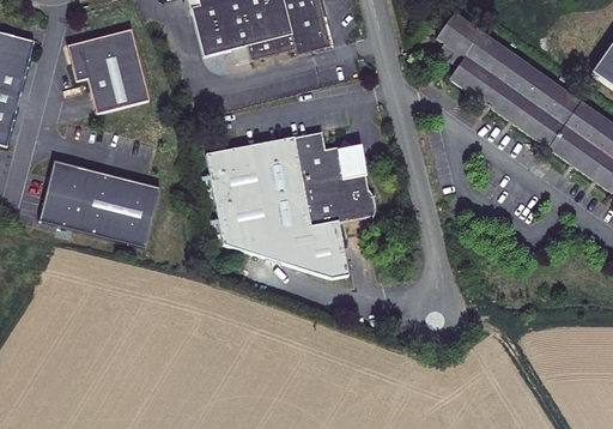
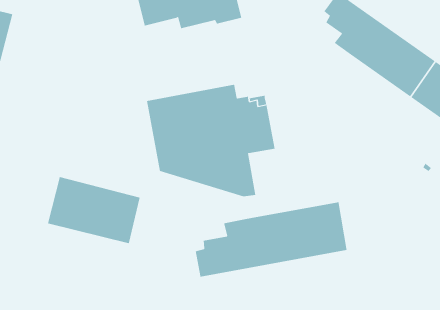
building: [68,28,150,113] -> none
building: [38,159,159,247] -> [47,176,141,244]
building: none -> [195,201,347,277]

